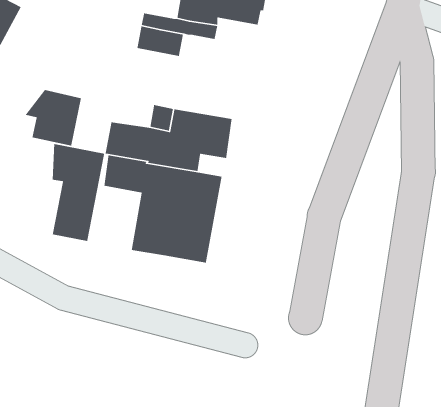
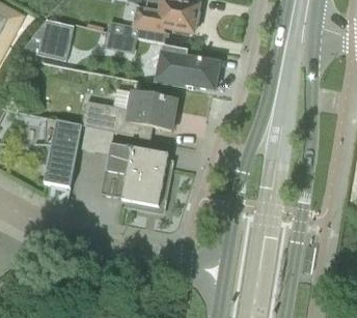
building: none -> [156,46,219,88]
building: [24,89,82,147] -> [31,19,73,60]

